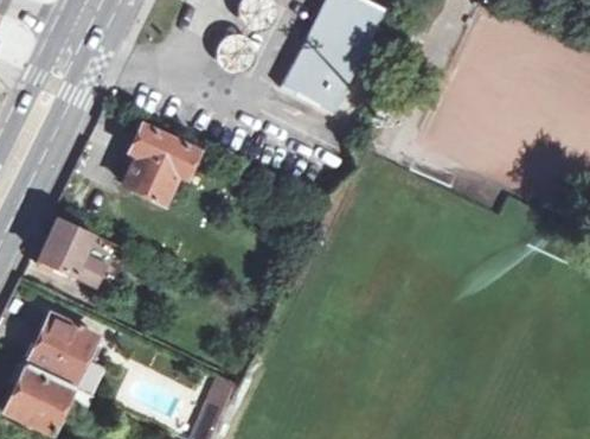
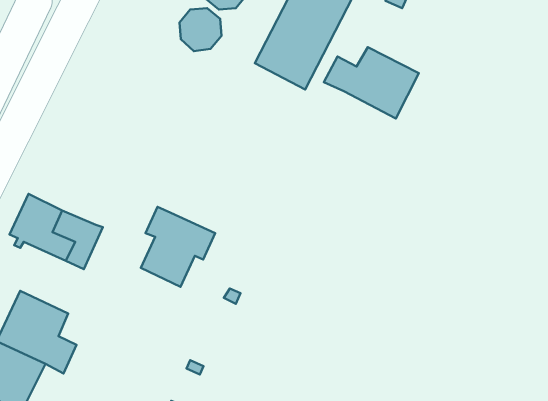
building: none -> [324,47,419,118]
building: [124,125,198,204] -> [141,207,215,287]

